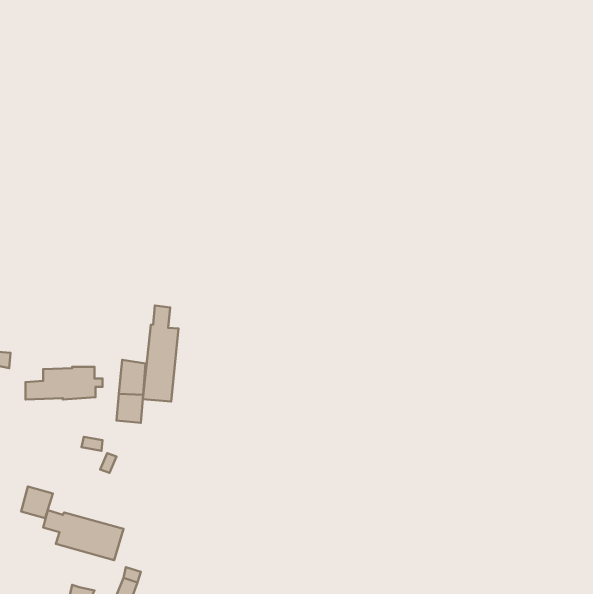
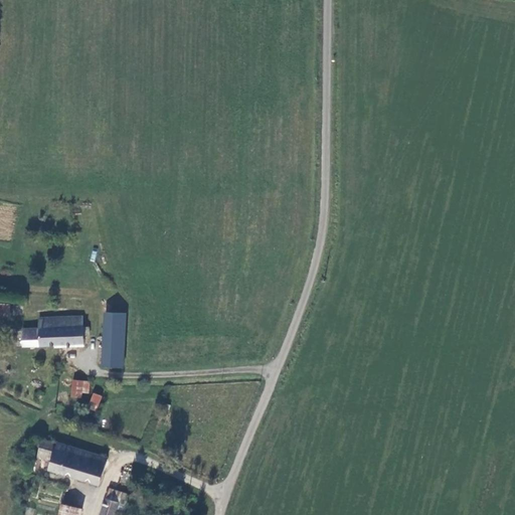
building: [143,305,179,402] -> none
building: [21,487,53,518] -> none

